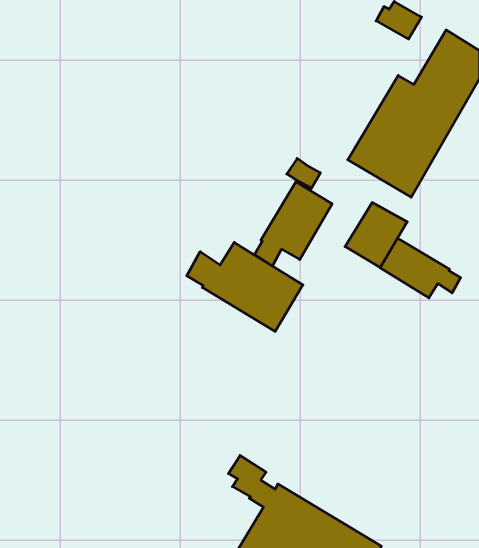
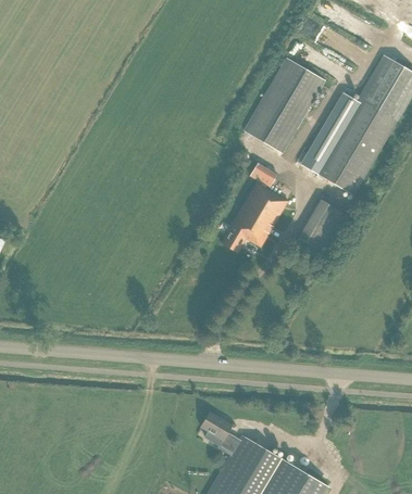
building: none -> [244,59,325,153]
building: [380,238,461,298] -> none
building: [187,242,303,331] -> none

